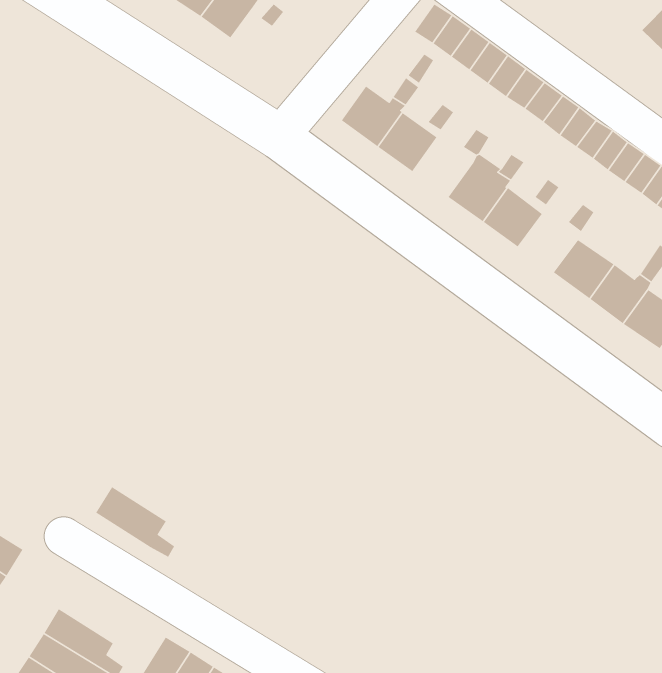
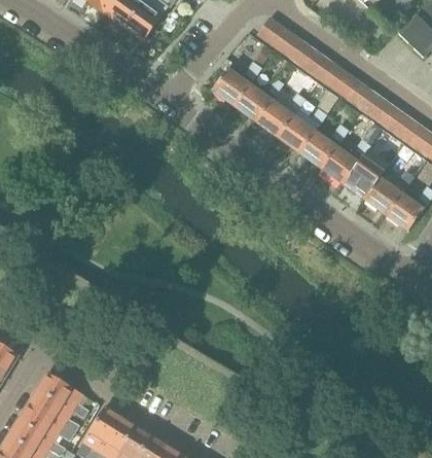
building: none -> [257,100,294,137]
building: none -> [322,147,359,183]
building: [95,486,175,558] -> [39,374,88,418]

